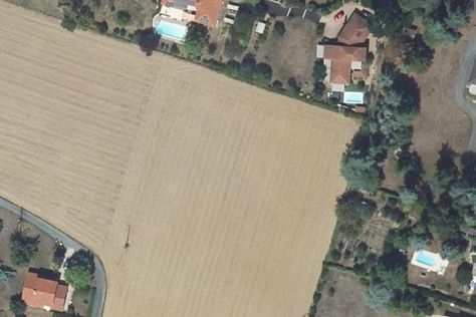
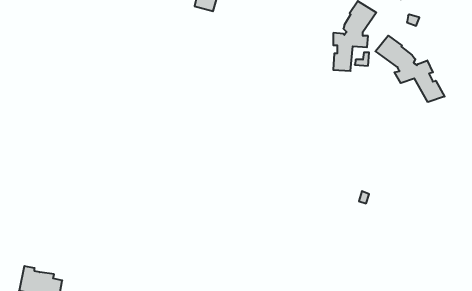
building: none -> [375,36,445,102]

